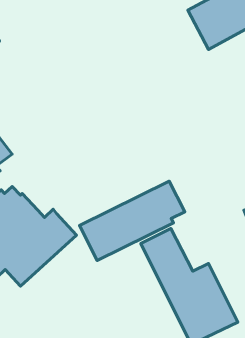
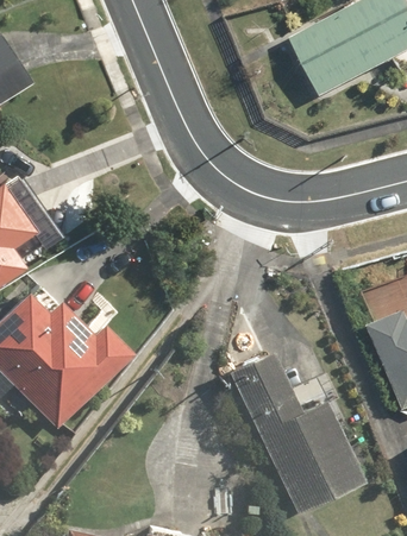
building: [79,181,185,261] -> none

